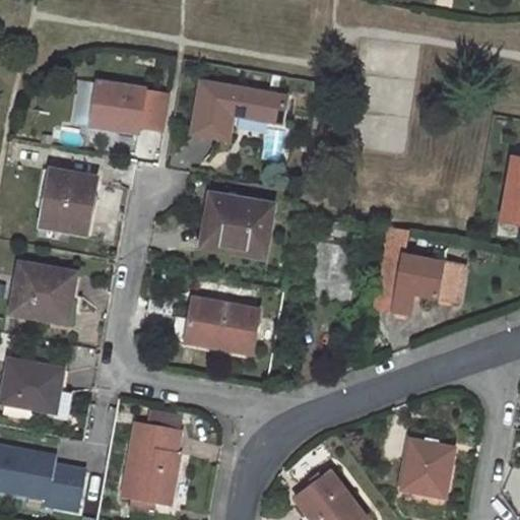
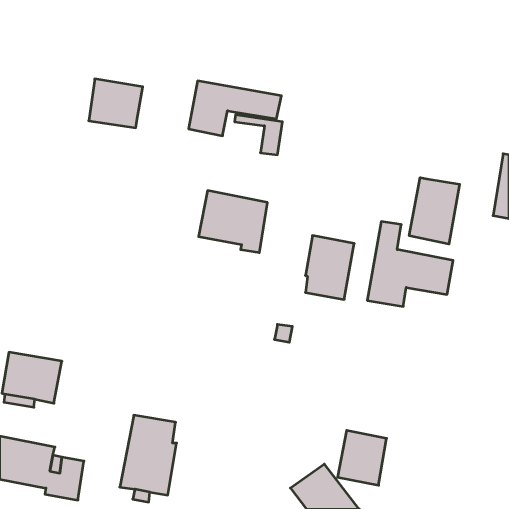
building: [139,88,170,127] -> none
building: [42,169,95,233] -> none
building: none -> [409,178,460,244]
building: [12,262,78,323] -> none
building: [184,298,259,352] -> none
building: [402,441,452,497] -> [338,430,387,485]

